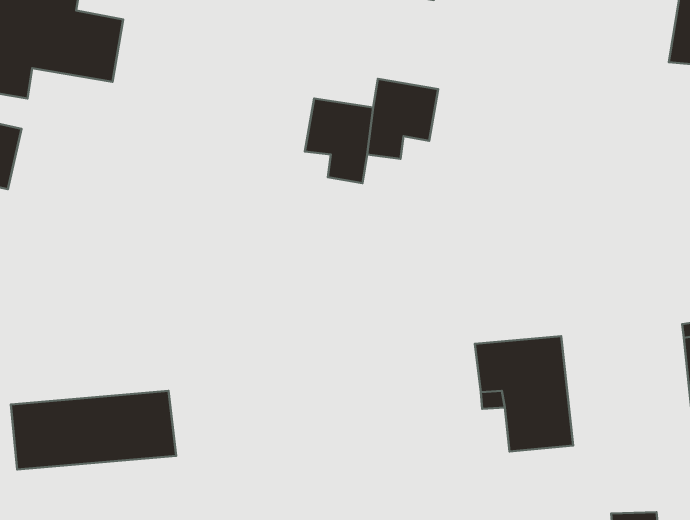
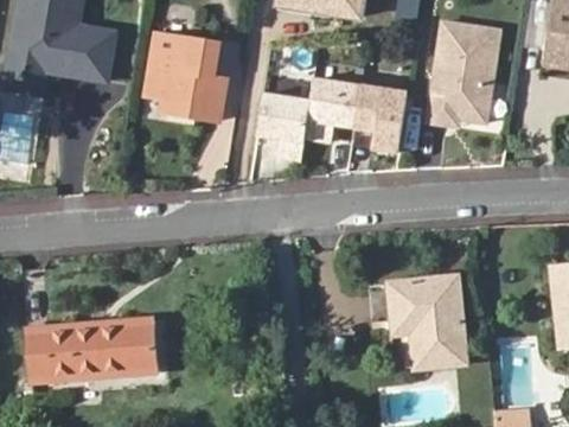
building: none -> [428,21,501,125]
building: none -> [145,32,226,119]
building: none -> [354,85,408,152]

